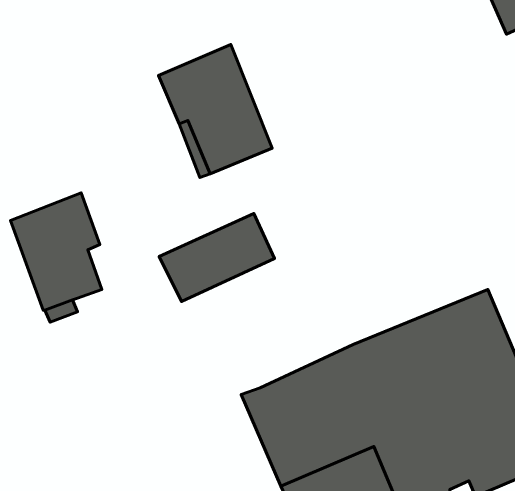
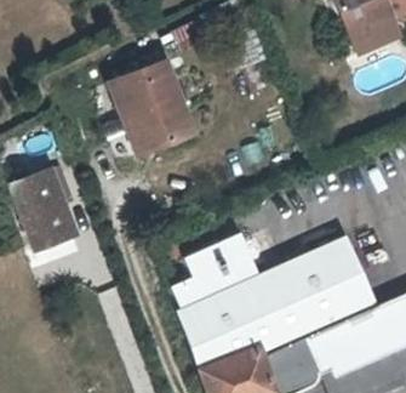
building: [159,214,275,301] -> [170,240,251,302]

